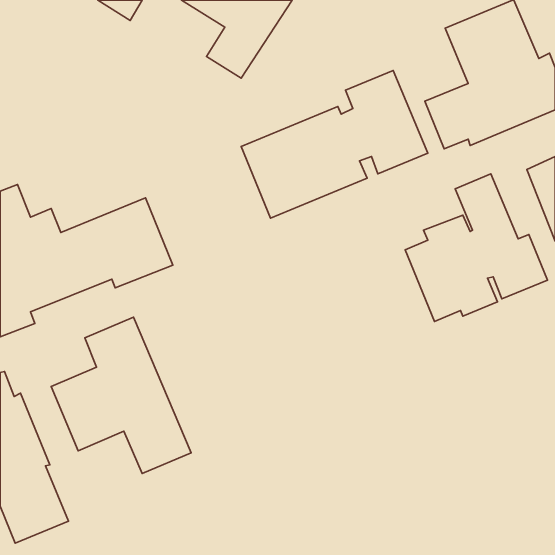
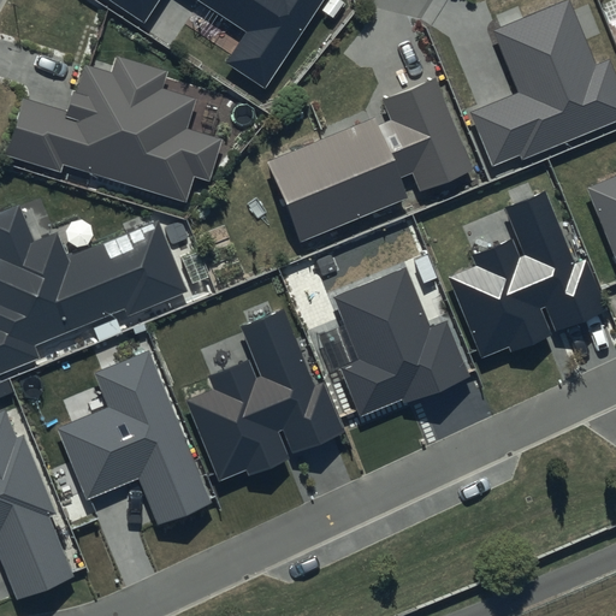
building: none -> [6,57,221,202]
building: none -> [332,266,469,415]
building: none -> [186,310,344,480]

